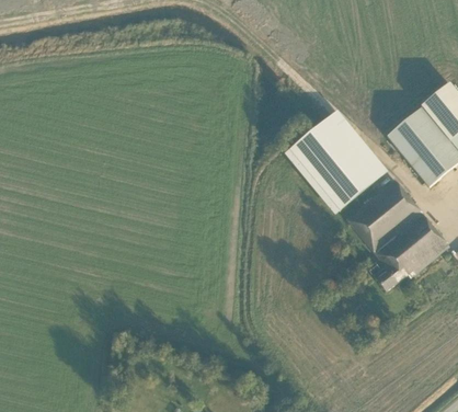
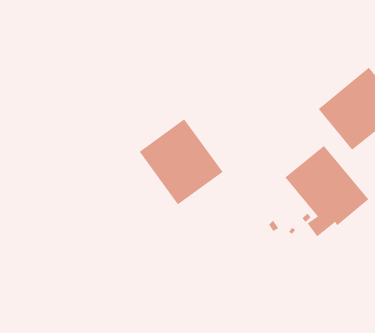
building: [284,108,387,214] -> [139,119,223,205]

